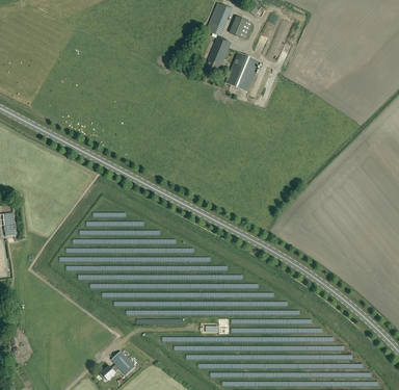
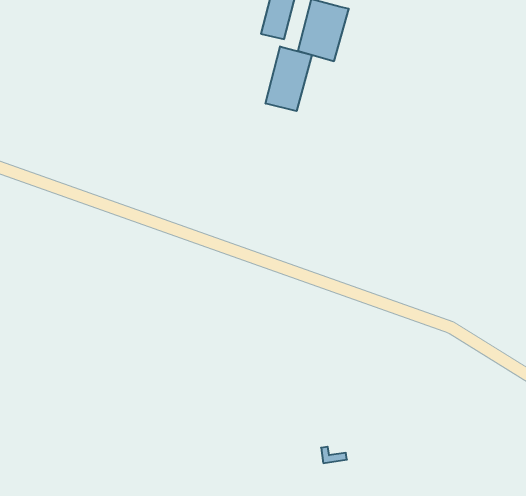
building: none -> [266,46,312,111]

